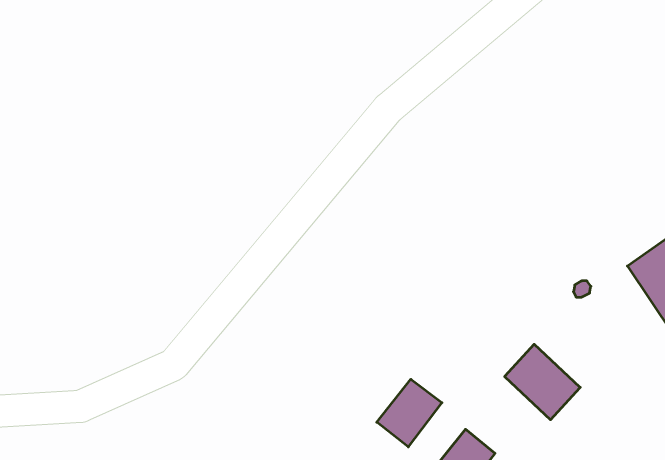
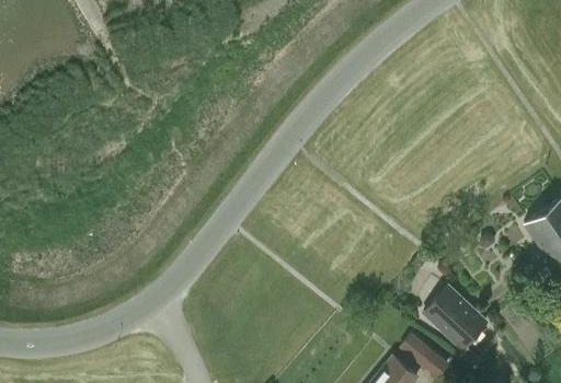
building: [377,379,442,447] -> none
building: none -> [399,335,437,371]

